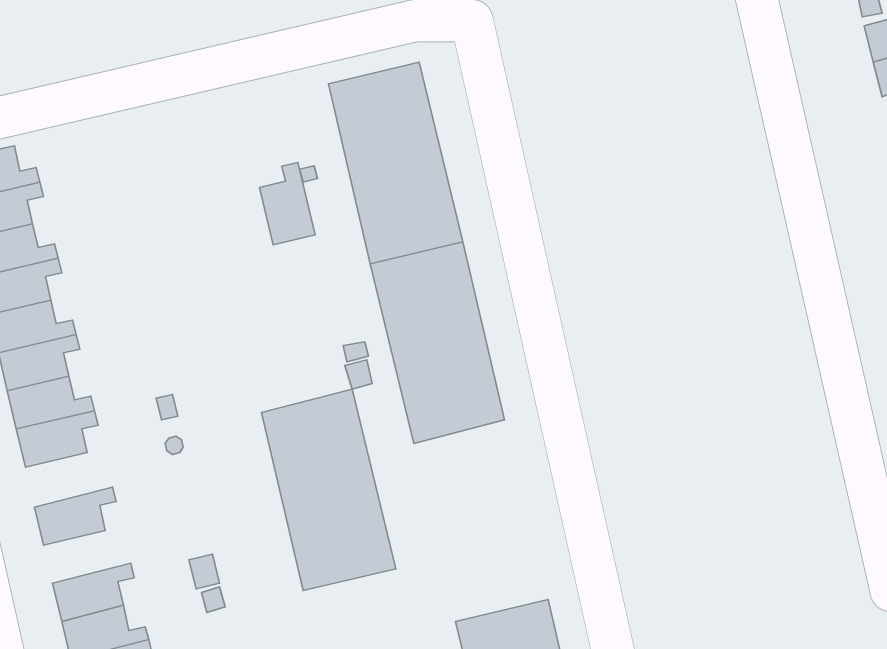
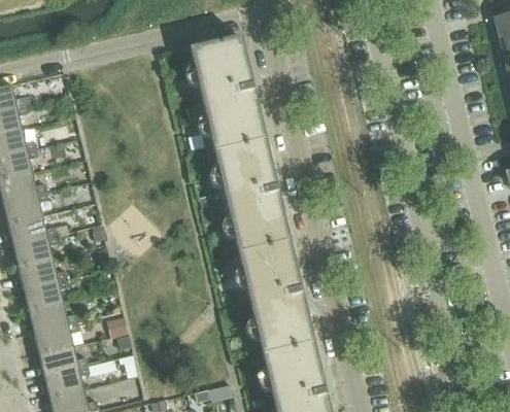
building: [260,162,315,245] -> none
building: [261,389,396,591] -> [239,241,315,355]
building: none -> [19,260,68,290]
building: none -> [29,304,78,334]

